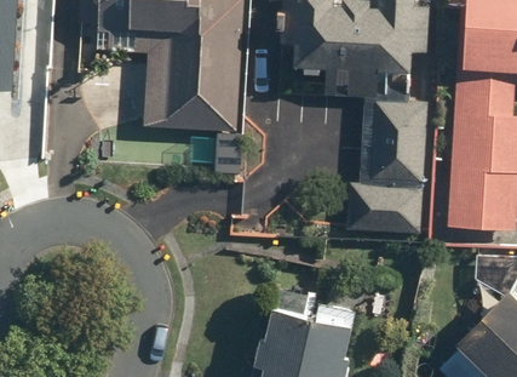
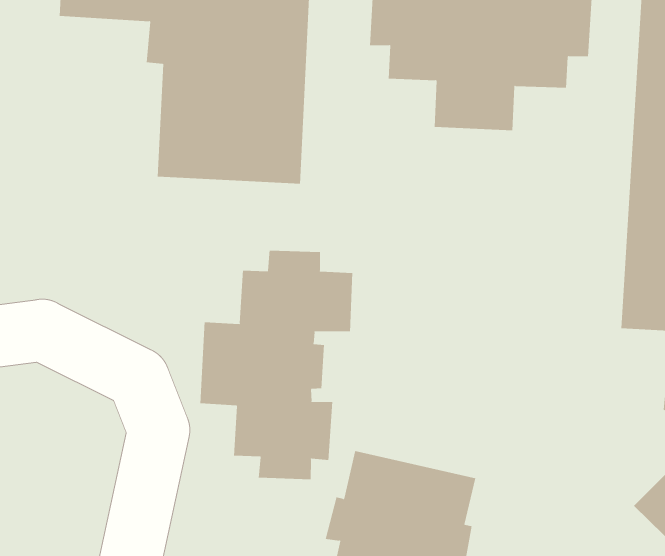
building: [349,98,430,233] -> none
building: none -> [200,250,353,480]

